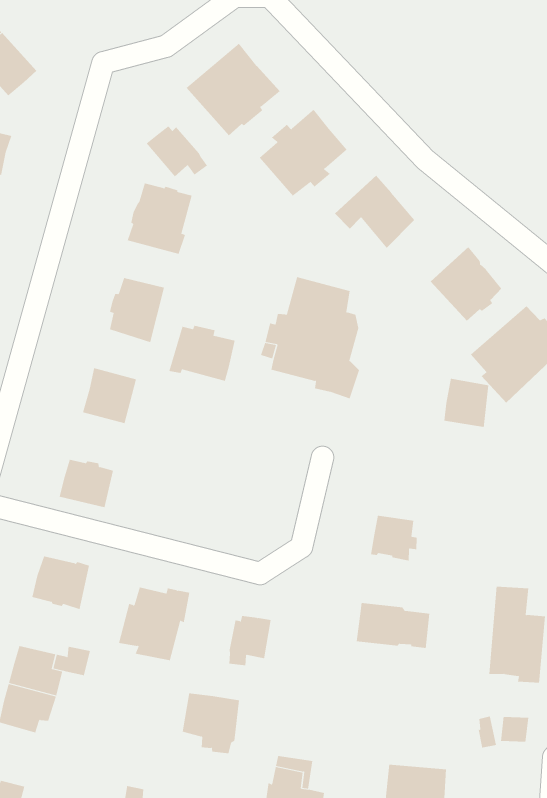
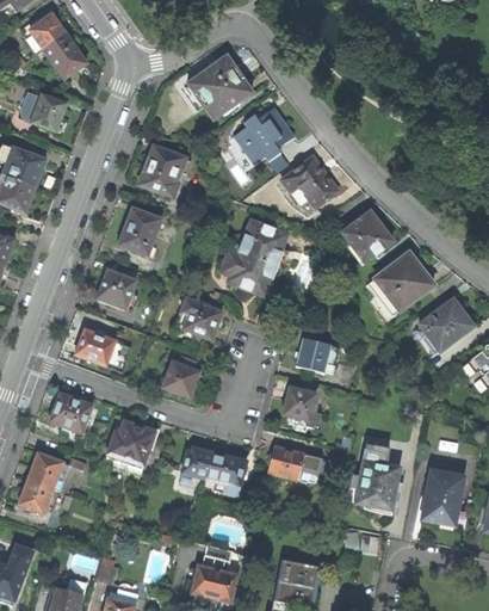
building: [146,126,208,177] -> none
building: [169,325,236,382] -> [174,297,222,338]
building: [444,378,489,427] -> [297,335,330,371]
building: none -> [163,356,199,396]
building: [182,693,240,754] -> [205,451,247,495]

